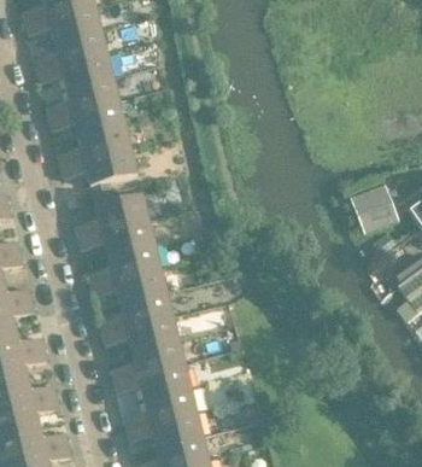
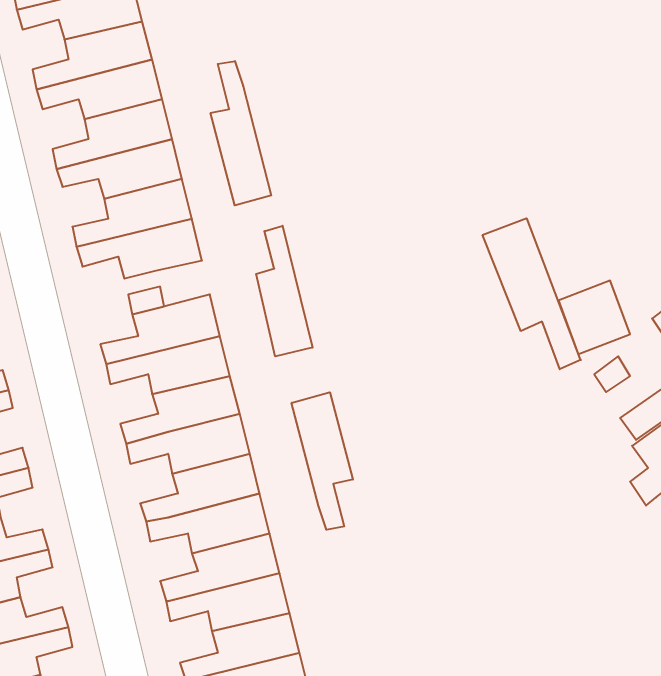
building: none -> [211,61,271,205]
building: none -> [483,218,581,369]
building: none -> [256,226,313,356]
building: none -> [292,392,353,530]

